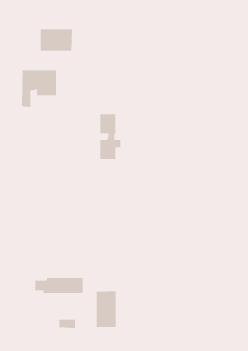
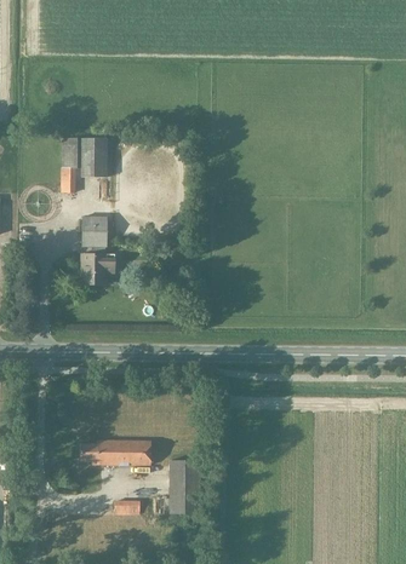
building: [40,29,73,51] -> none
building: [99,113,121,160] -> [81,218,113,286]

